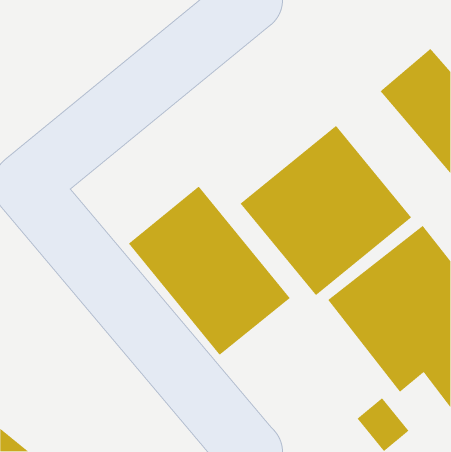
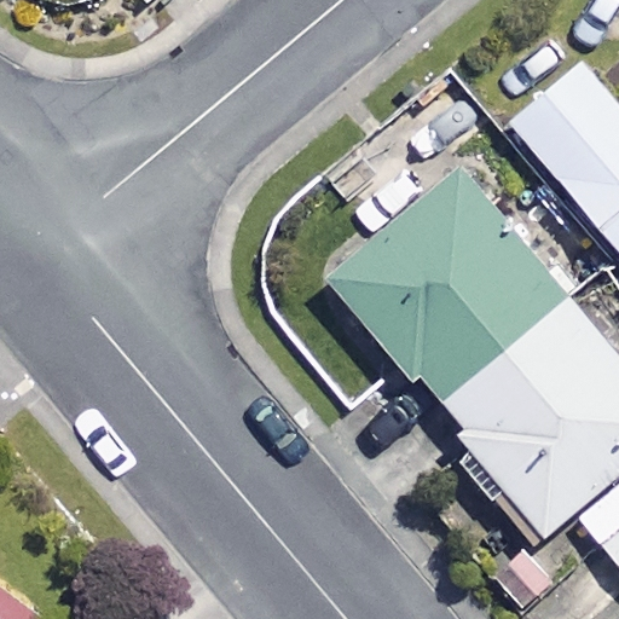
building: [128,186,291,356] -> none

